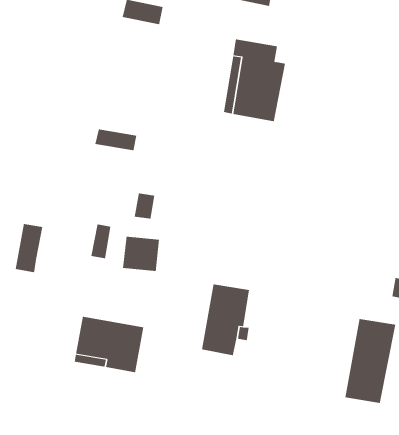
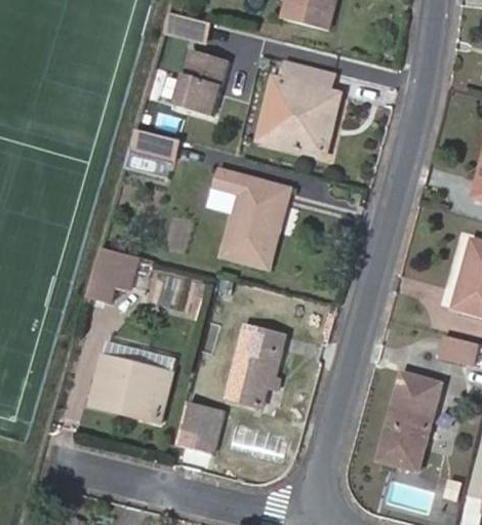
building: none -> [176,49,228,115]
building: none -> [131,127,184,161]
building: none -> [209,169,286,265]
building: [15,224,43,273] -> [89,248,123,302]
building: none -> [173,401,223,452]

